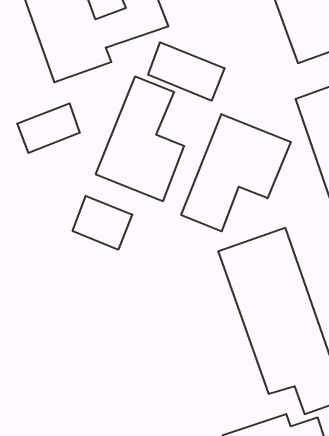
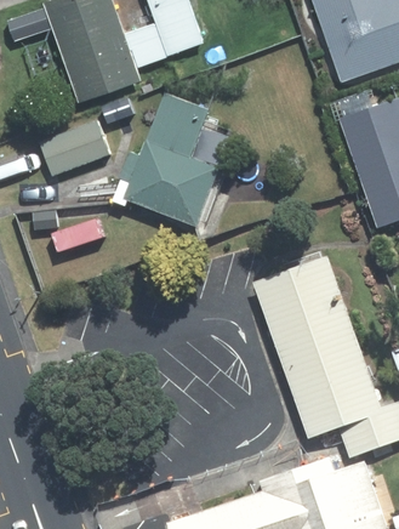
building: [148,42,225,101] -> none
building: [181,114,291,231] -> none
building: [73,196,132,250] -> none

